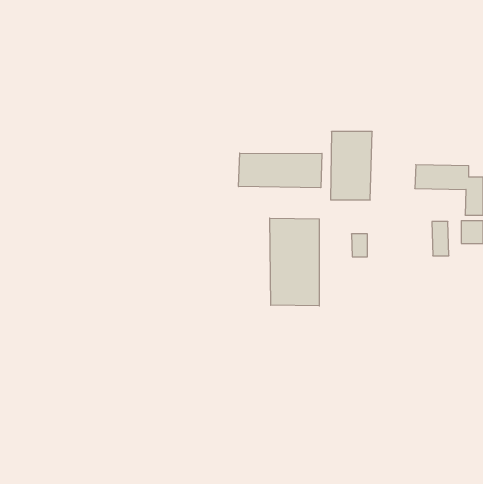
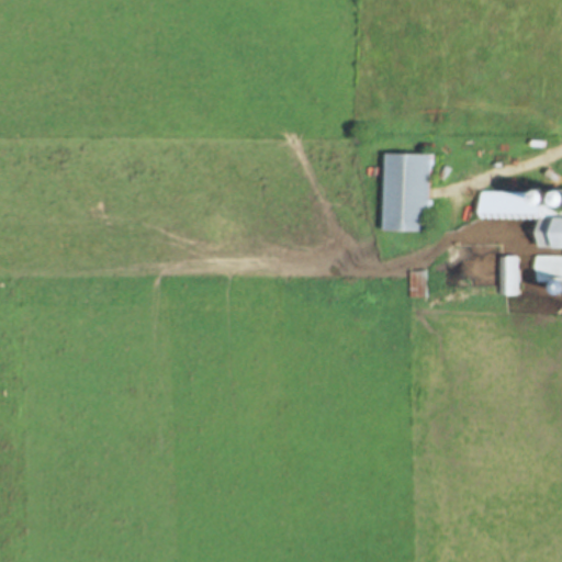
building: [239,153,322,188] -> none
building: [270,218,319,306] -> none

